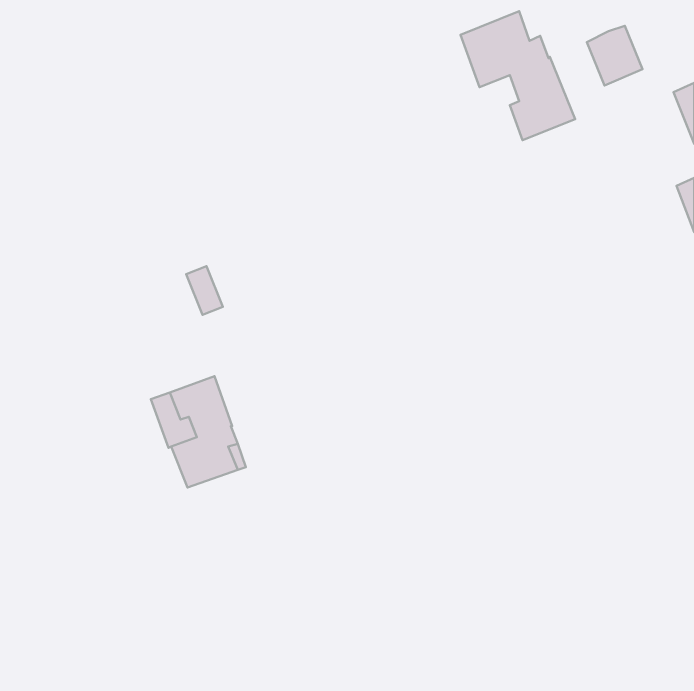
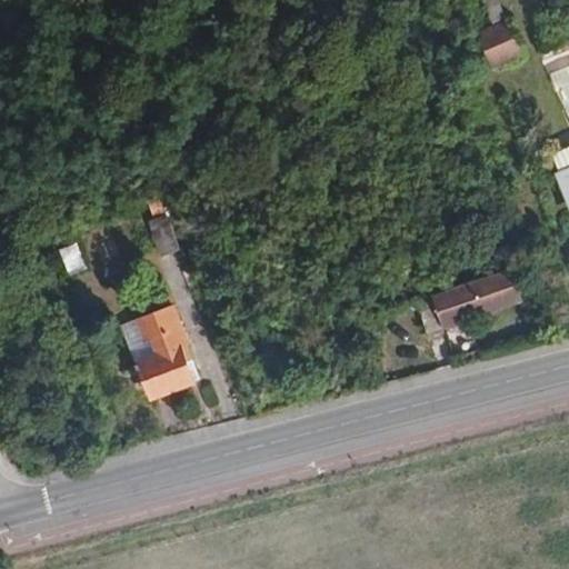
building: [461,11,575,140] -> none
building: none -> [418,264,517,330]

